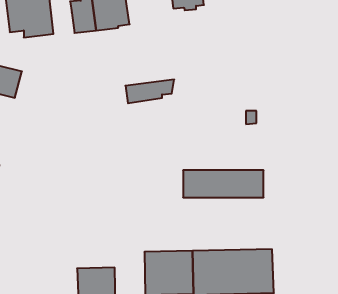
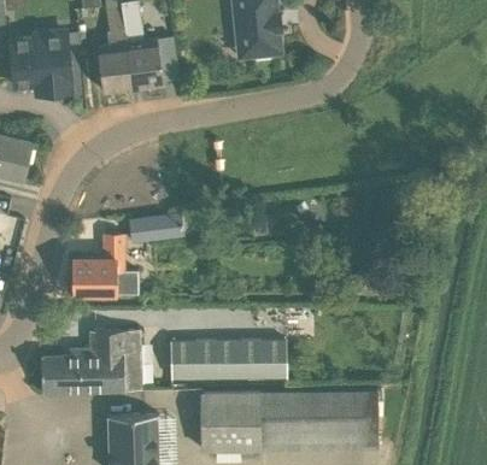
building: [125,80,174,103] -> [129,212,196,245]
building: none -> [72,234,140,295]
building: [183,170,264,197] -> [174,341,284,378]
building: none -> [41,330,142,392]

